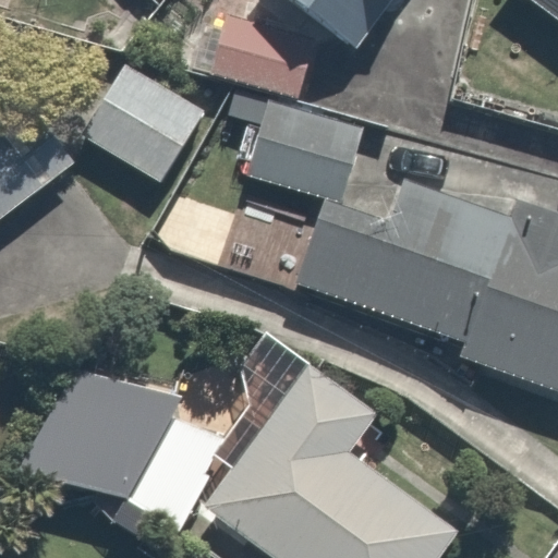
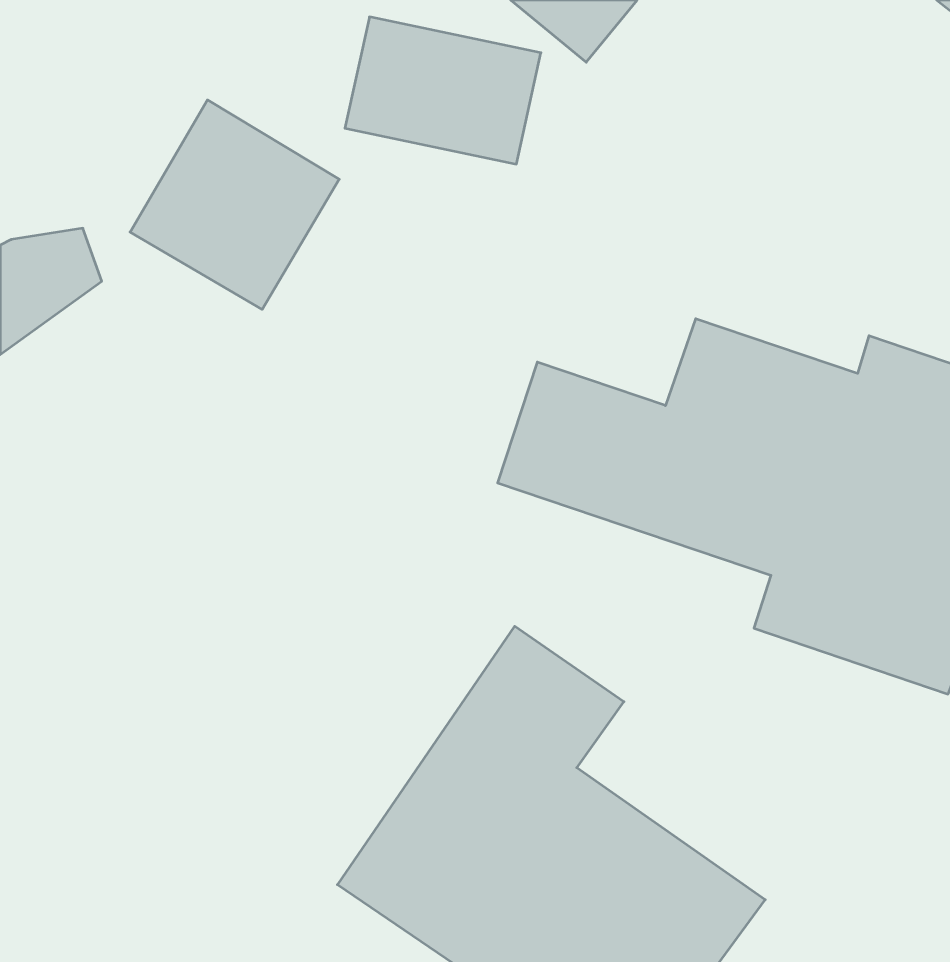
building: [245,95,356,203] -> none
building: [26,375,219,525] -> none

